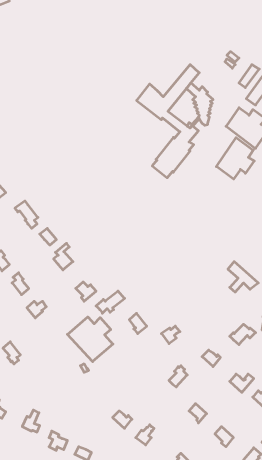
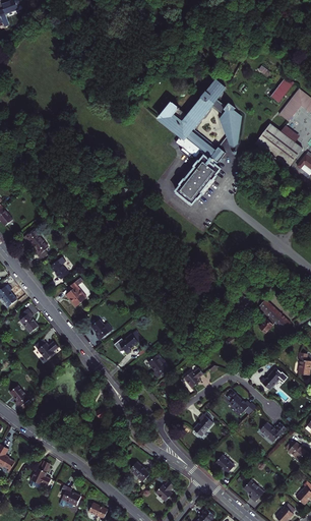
building: [216,138,254,179] -> none
building: [67,317,113,362] -> none

